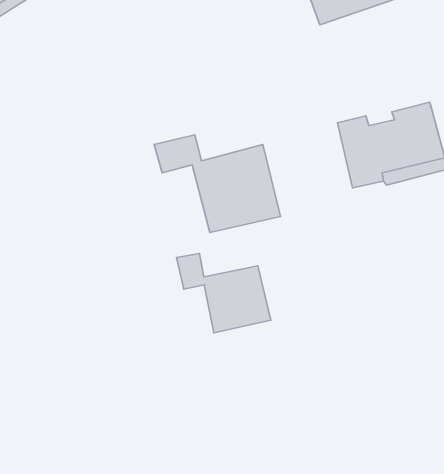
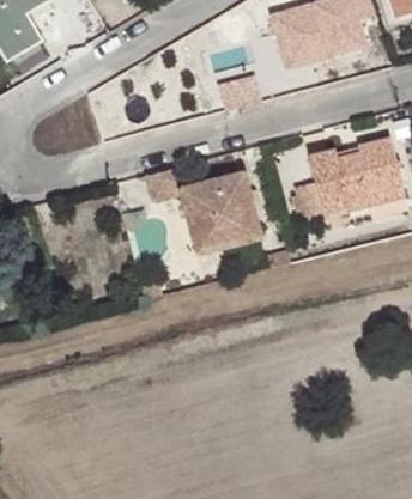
building: [176,253,271,333] -> none

